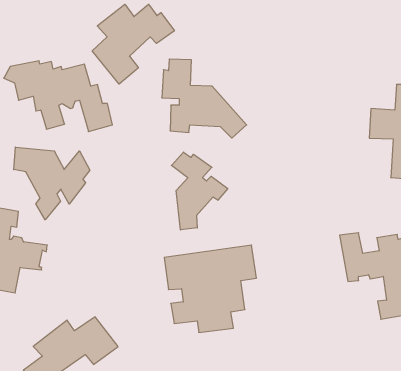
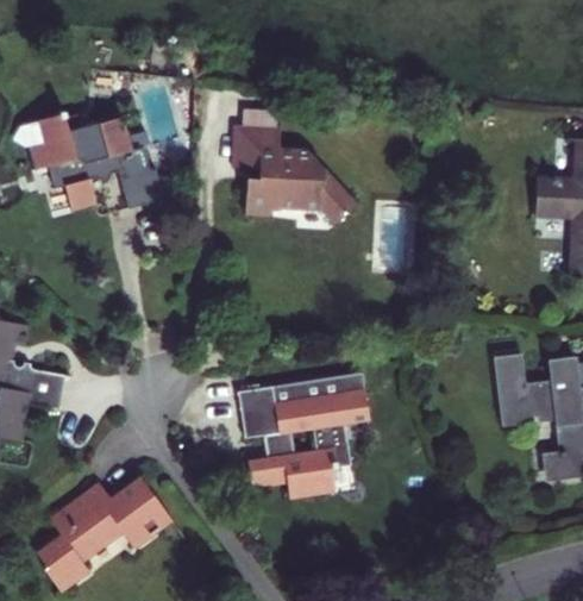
building: [92,4,174,84] -> none
building: [14,147,90,220] -> none
building: [171,152,228,230] -> none

